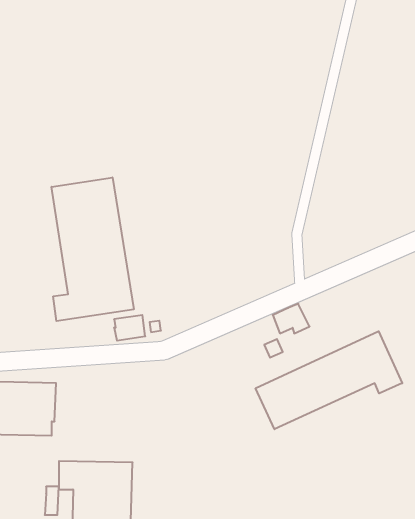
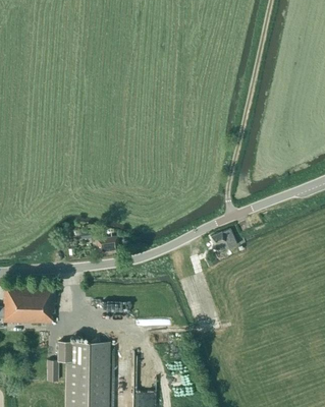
building: [52,177,134,321] -> none
building: [256,331,402,429] -> none

